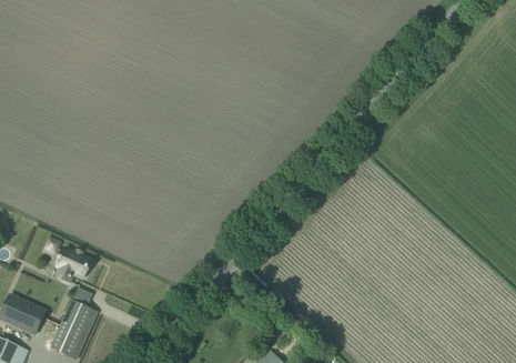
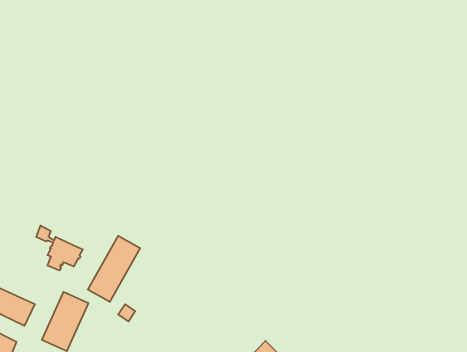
building: none -> [88,236,140,302]

